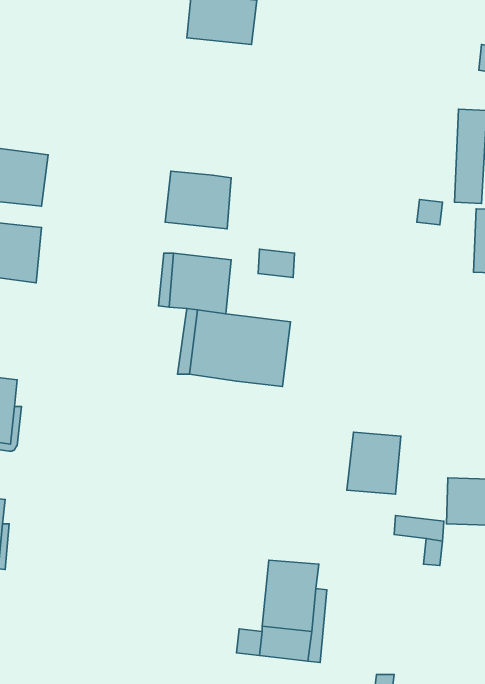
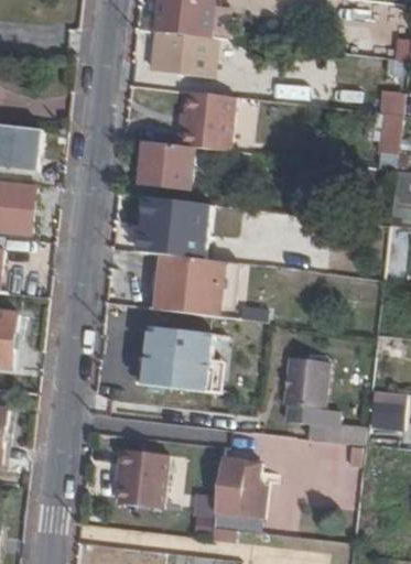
building: none -> [151,32,216,77]
building: none -> [176,91,237,151]
building: none -> [144,328,212,392]
building: none -> [119,449,169,508]

